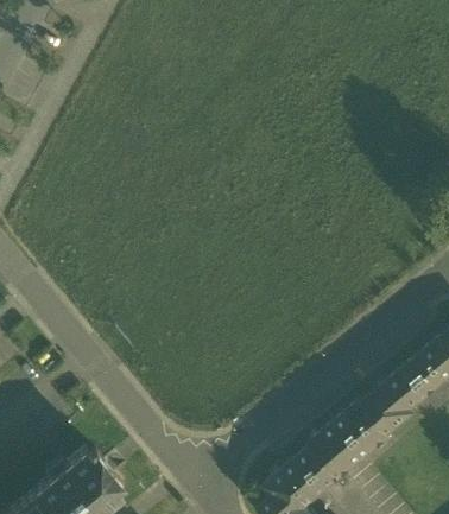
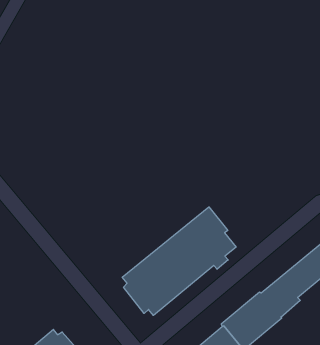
building: none -> [122,207,236,315]

